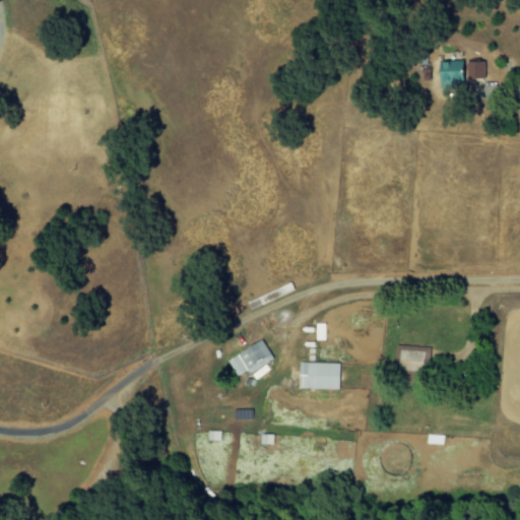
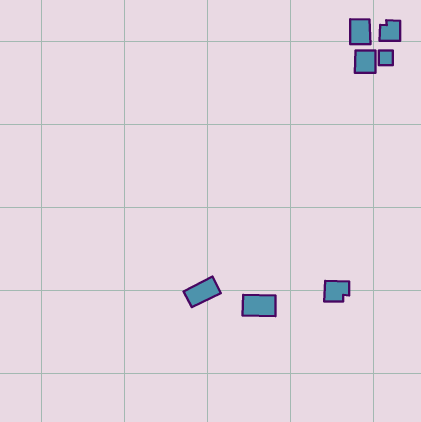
building: none -> [350,19,370,44]
building: none -> [379,20,400,41]

